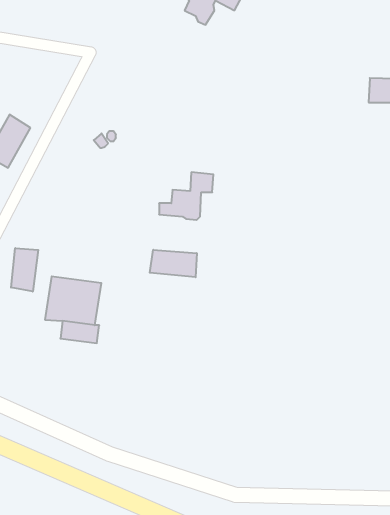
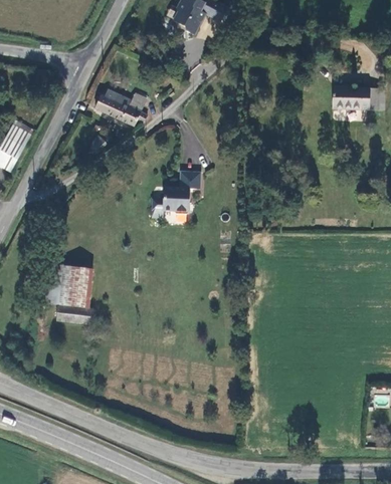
building: none -> [93,87,148,125]
building: [11,248,38,292] -> none
building: [150,250,197,277] -> none

